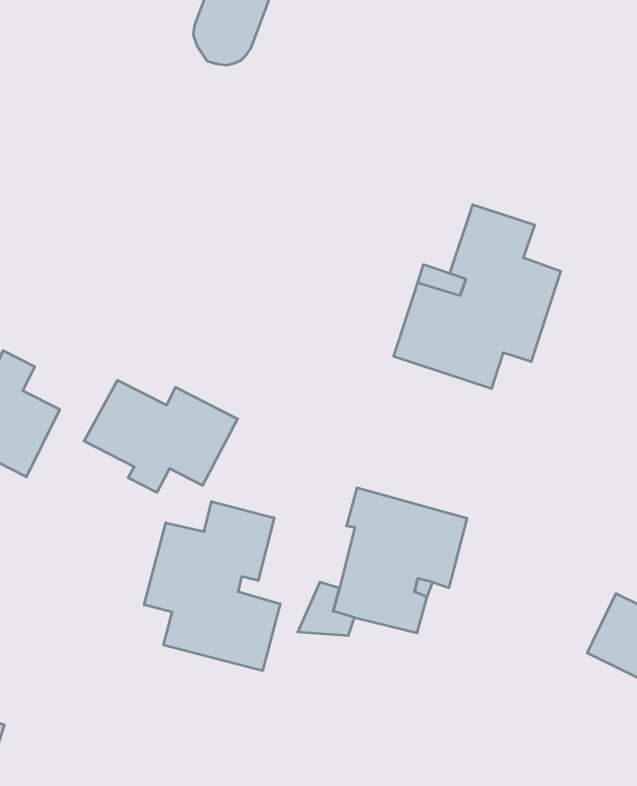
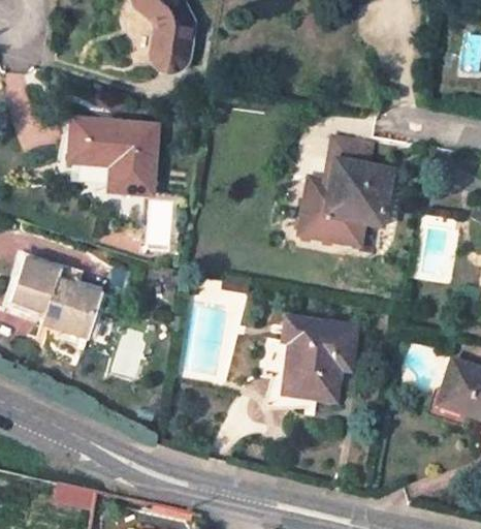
building: none -> [69,120,156,196]
building: [84,380,238,492] -> none
building: [144,501,280,671] -> none

